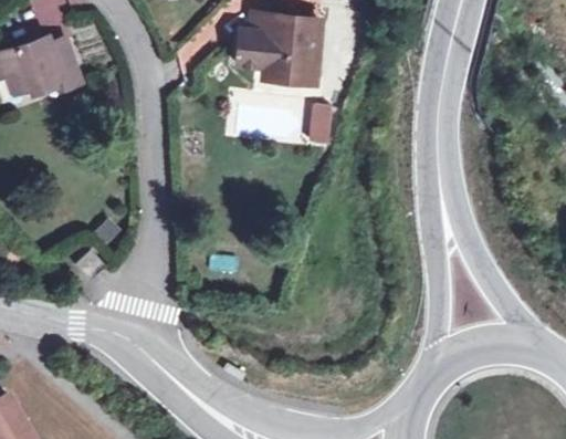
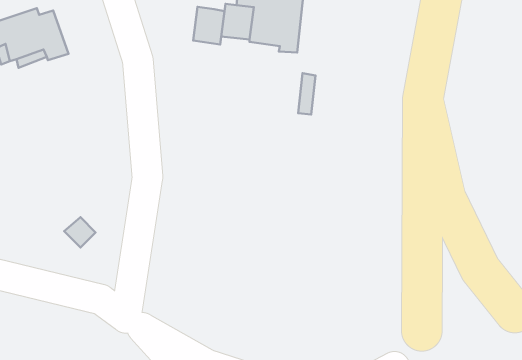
building: none -> [193,7,225,44]

